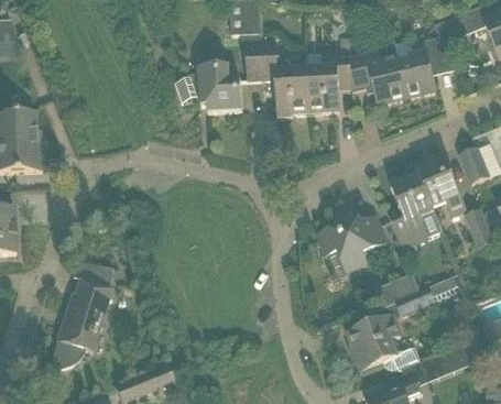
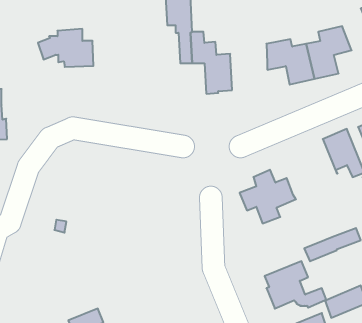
building: [307,50,351,111] -> none
building: [176,65,242,110] -> [38,29,93,67]
building: [386,170,442,250] -> none
building: [380,273,420,303] -> none
building: [48,277,111,367] -> none

